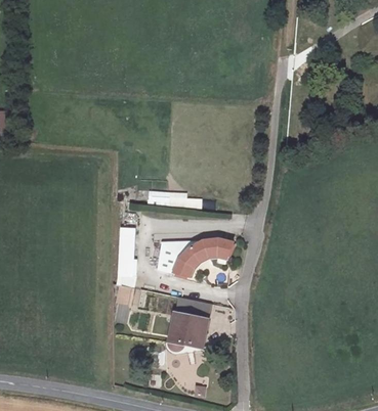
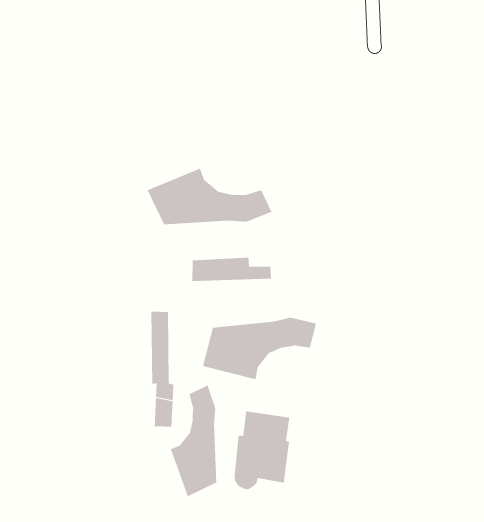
building: none -> [147,168,272,225]
building: none -> [170,385,217,497]

